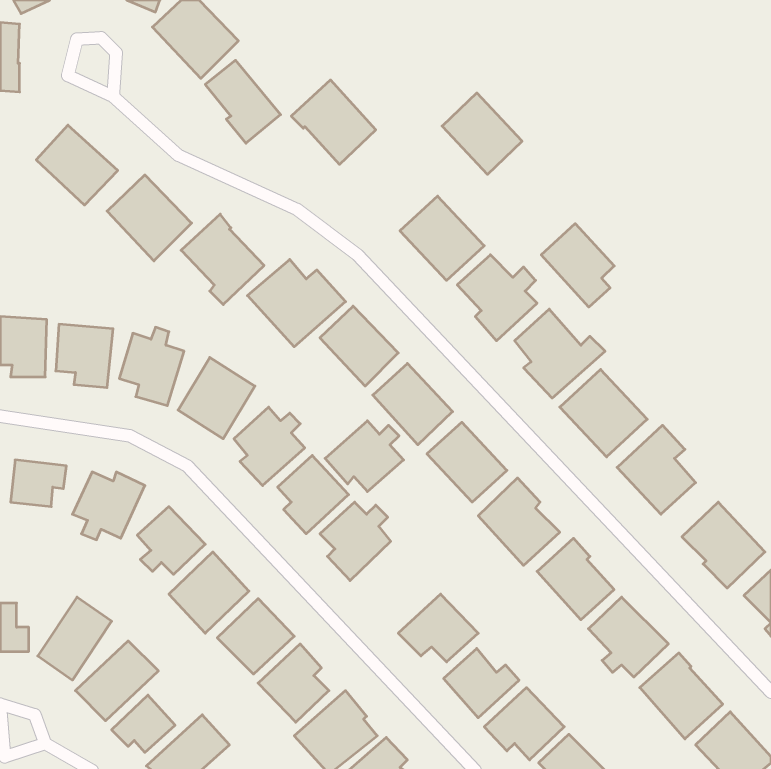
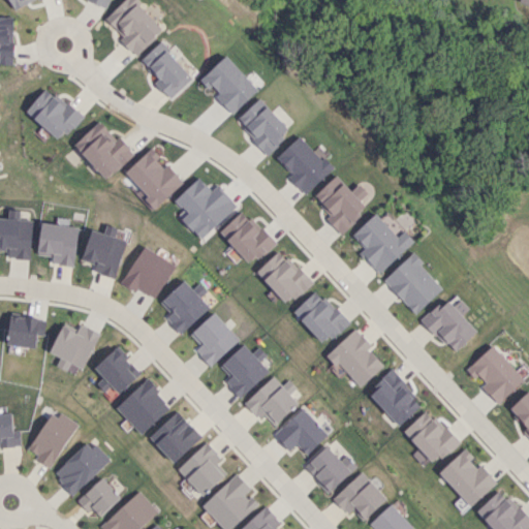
building: [442,93,522,174] -> [236,98,290,154]
building: [541,224,614,307] -> none
building: [325,421,404,492] -> [244,377,298,426]

